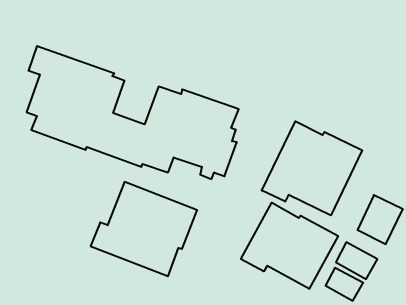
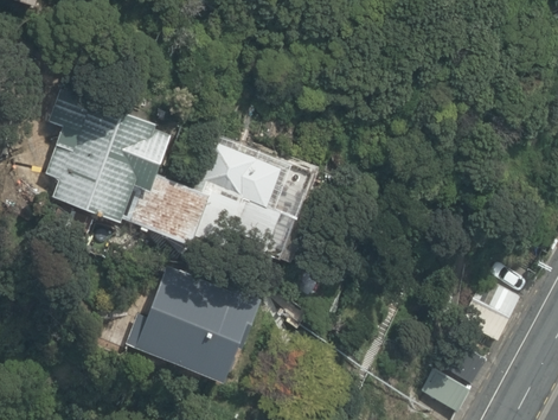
building: [262,121,362,215] -> none
building: [241,203,338,289] -> none

